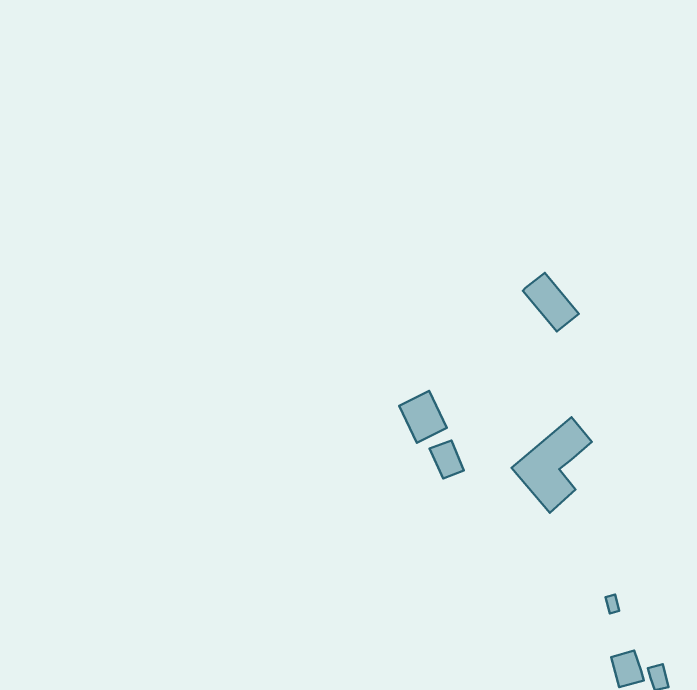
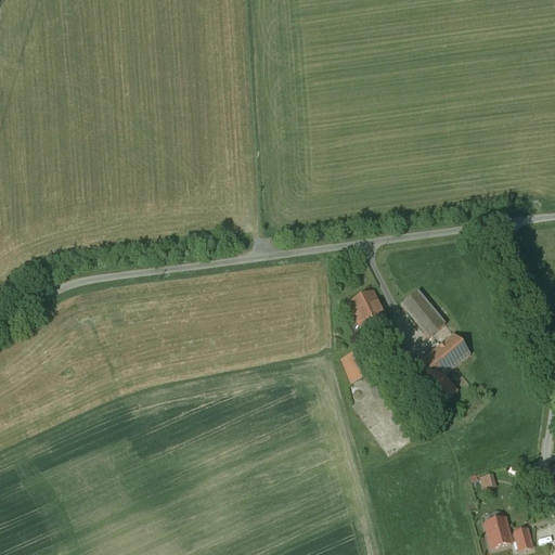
building: [523,273,579,332] -> [401,288,446,335]
building: [399,391,447,443] -> [349,289,387,331]

